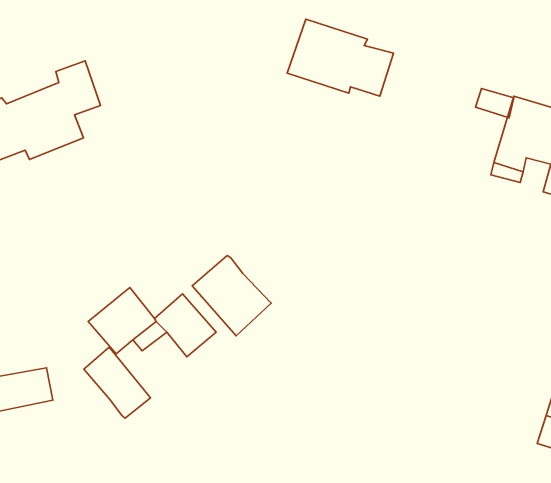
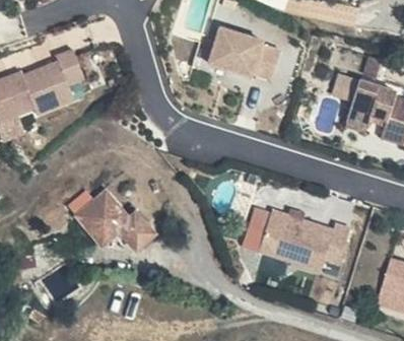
building: [192,255,271,336] -> none
building: none -> [257,209,349,266]
building: [84,347,150,418] -> none

